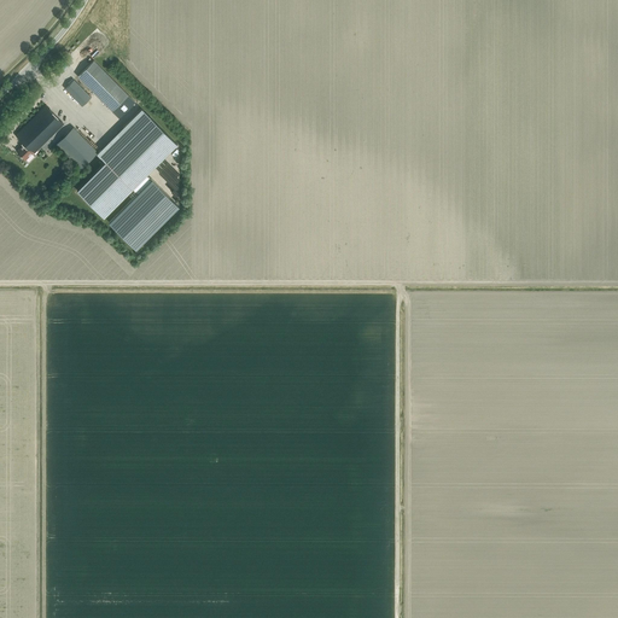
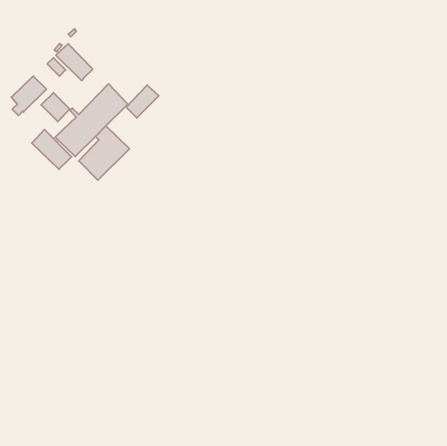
building: none -> [126,85,159,118]
building: none -> [32,130,72,169]

